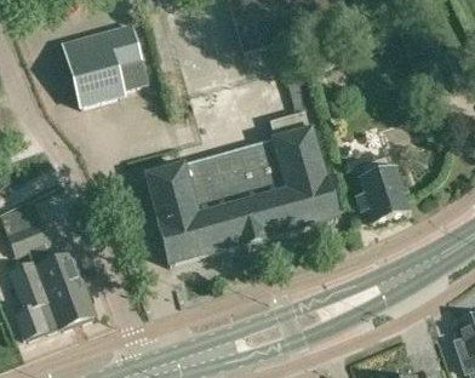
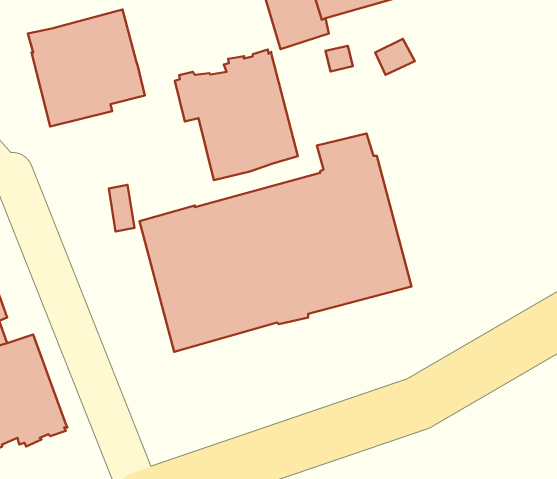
building: none -> [175,50,298,180]
building: [354,155,407,223] -> none

